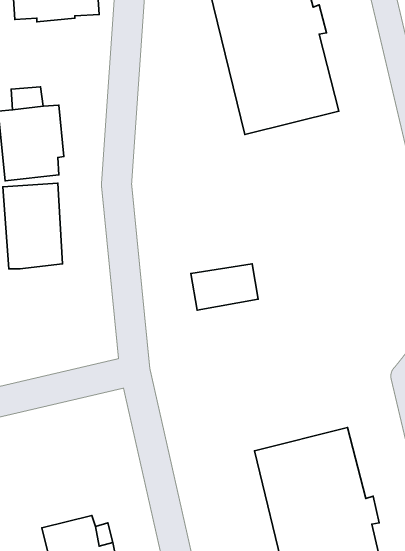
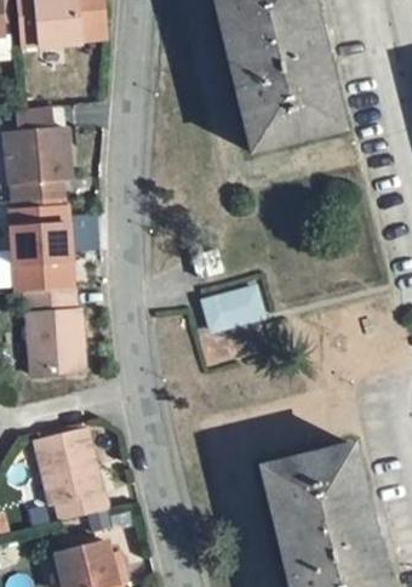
building: none -> [29,284,90,372]
building: none -> [30,426,108,518]

